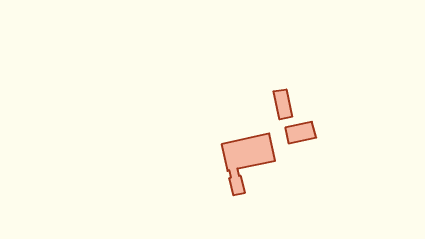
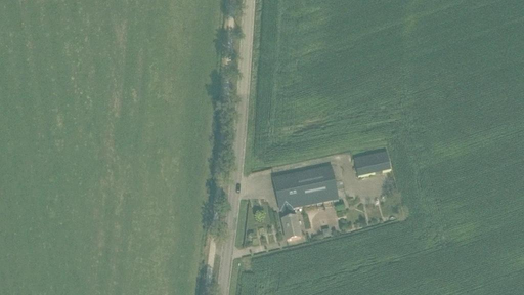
building: [273,89,292,119] -> none

